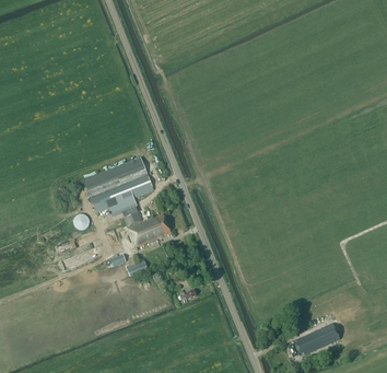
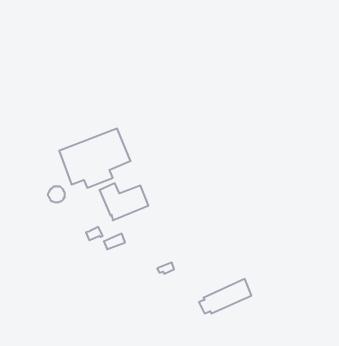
building: [288,322,339,355] -> [199,279,251,313]

